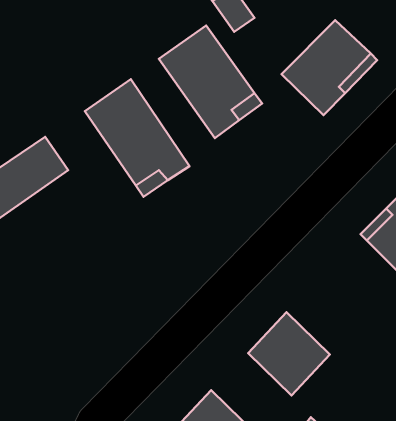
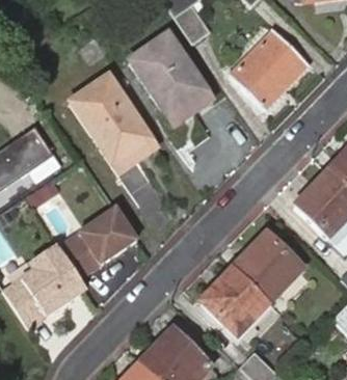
building: none -> [81,207,139,264]
building: none -> [235,234,303,302]
building: none -> [7,243,88,320]

